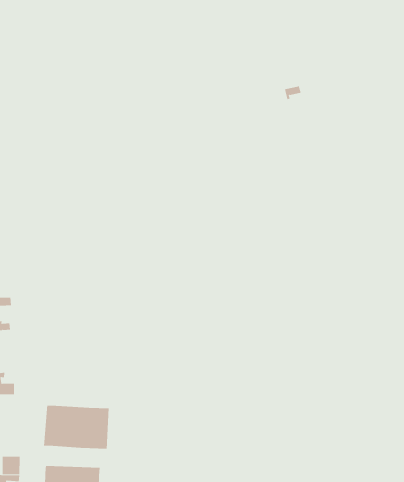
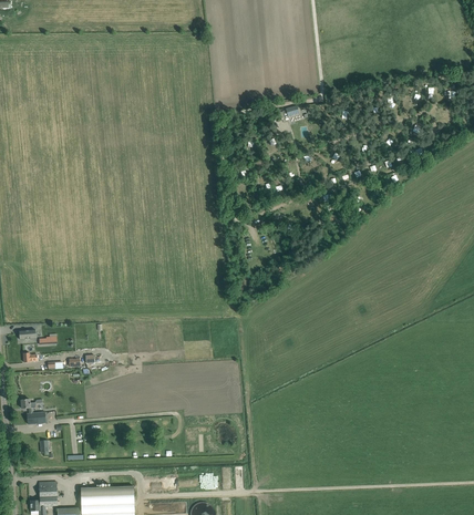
building: [43,405,109,450] -> none

